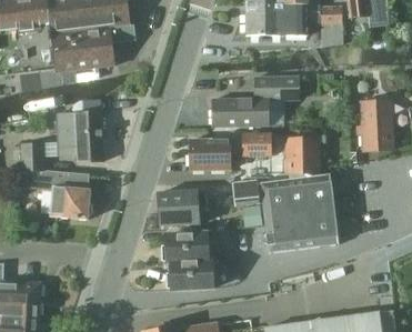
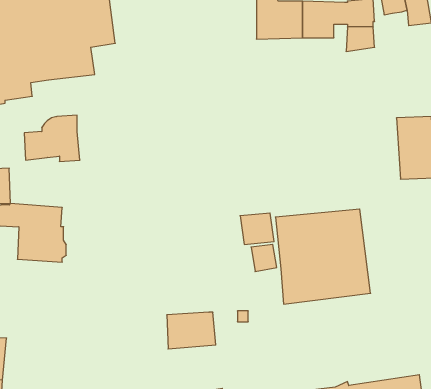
building: [212,77,298,128] -> none
building: [58,132,103,161] -> none
building: [190,132,270,169] -> none
building: [285,137,320,173] -> none
building: [158,192,209,225] -> none
building: [168,228,230,262] -> none

